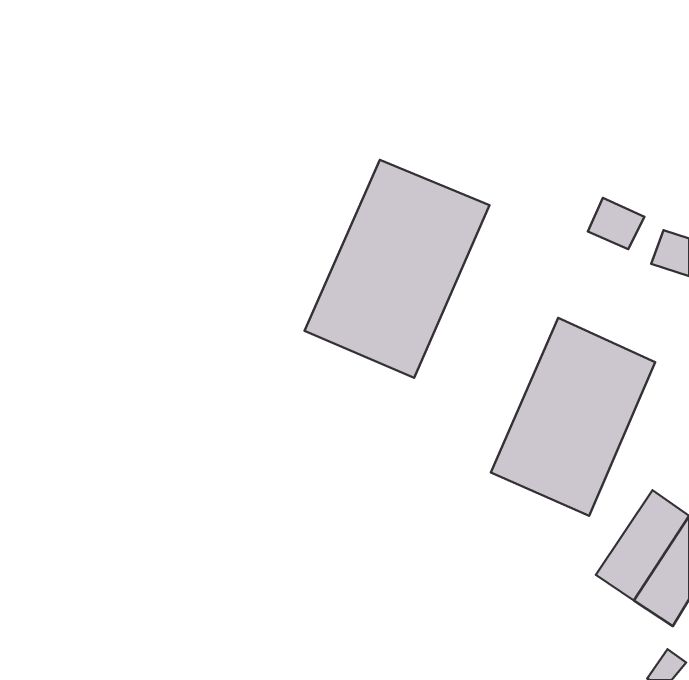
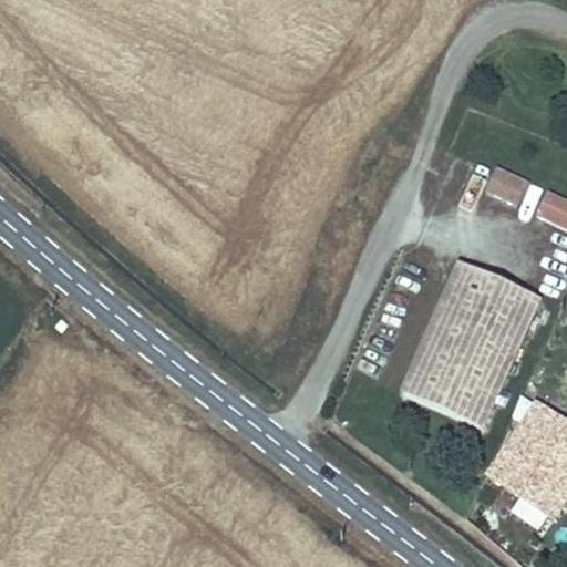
building: [305,160,490,378] -> none

